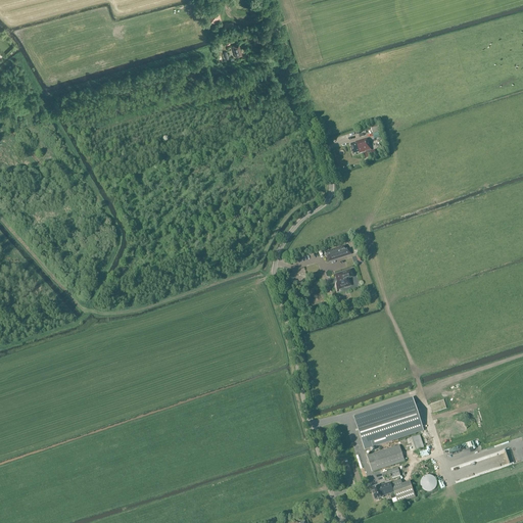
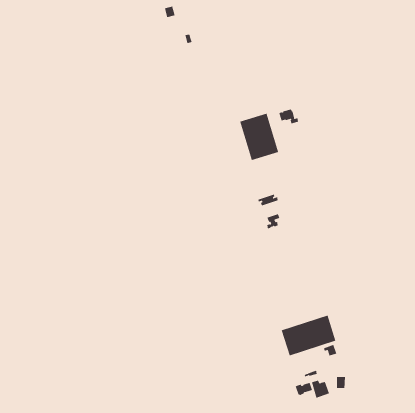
building: none -> [240,113,279,161]
building: [367,443,405,470] -> none

